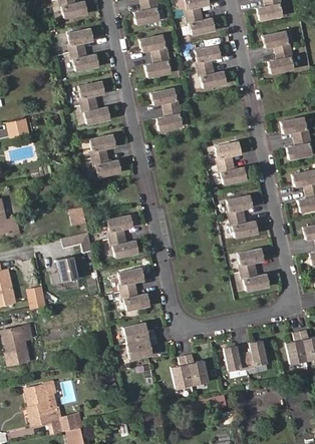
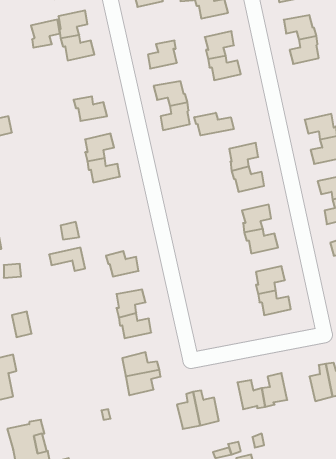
building: [139,34,169,56] -> none
building: [79,80,104,104] -> [31,20,60,48]
building: none -> [194,113,234,135]
building: [107,214,132,239] -> none
building: [56,256,77,282] -> none

